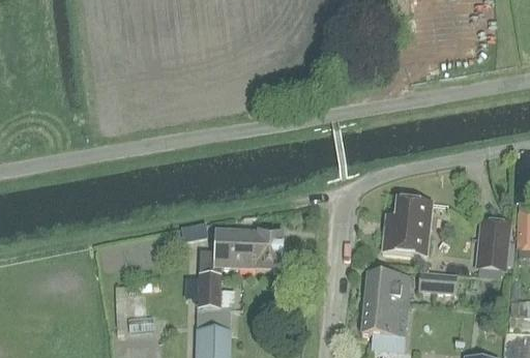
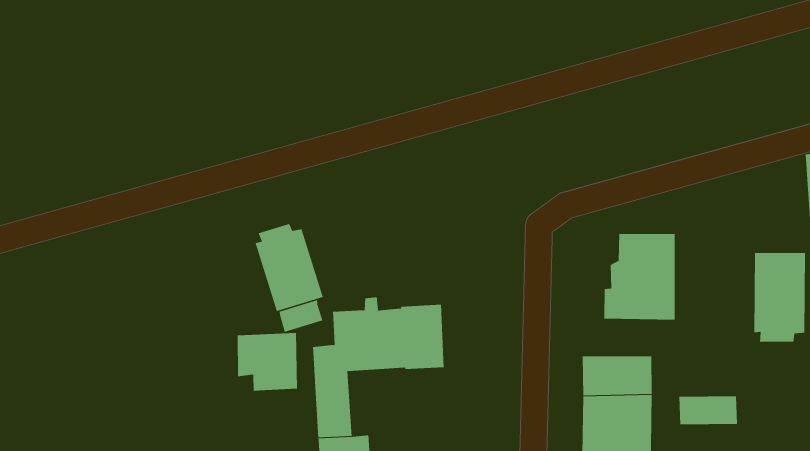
building: none -> [255,223,323,312]
building: none -> [237,332,297,392]
building: [418,272,455,293] -> [678,396,738,425]

